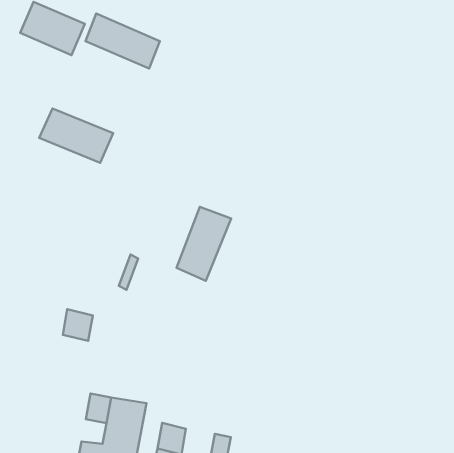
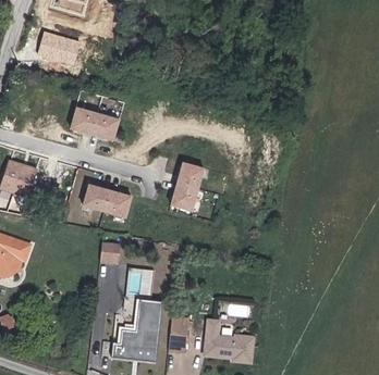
building: [86,14,160,69] -> none
building: none -> [82,183,131,216]

